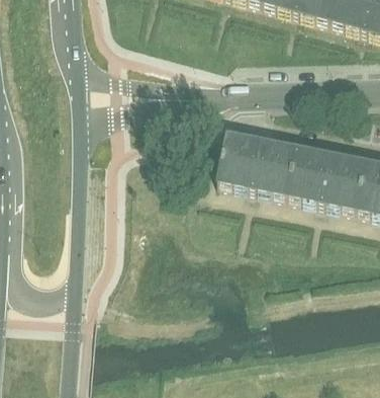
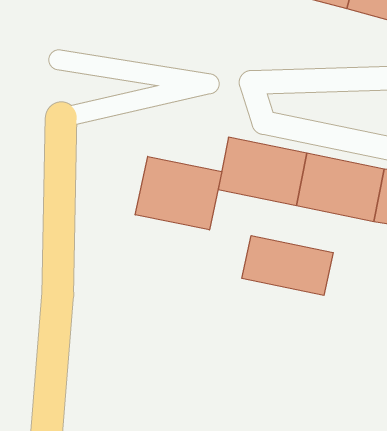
building: none -> [135,156,222,230]
building: none -> [242,236,333,295]

